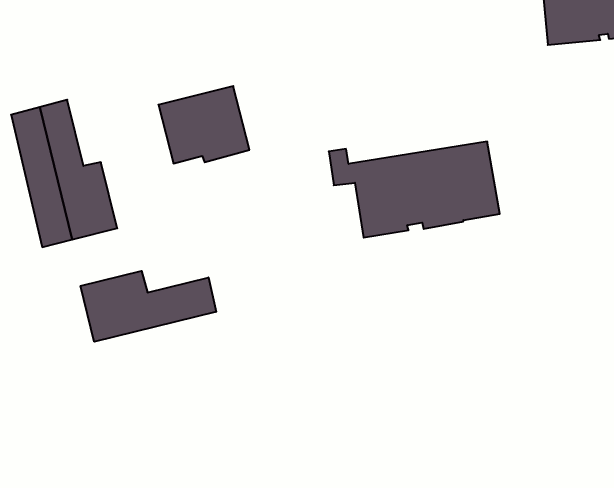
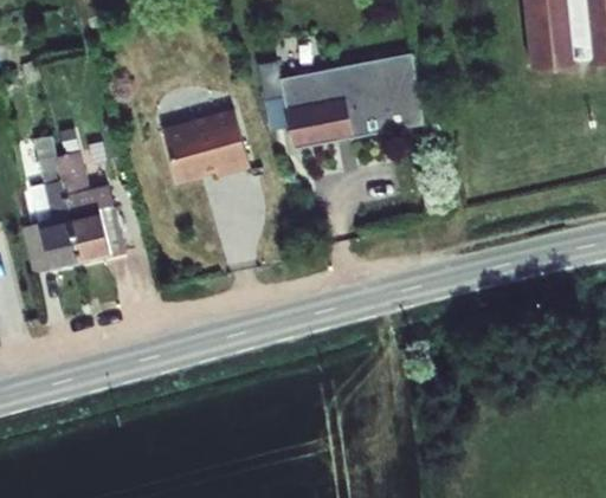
building: [329,142,500,238] -> [260,56,423,147]
building: [81,271,216,342] -> none

